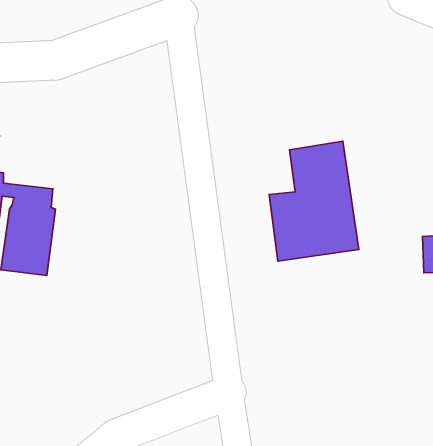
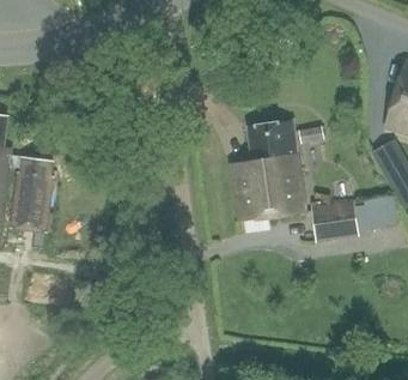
building: none -> [310,203,358,245]

